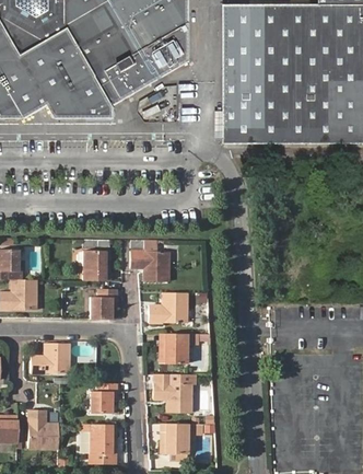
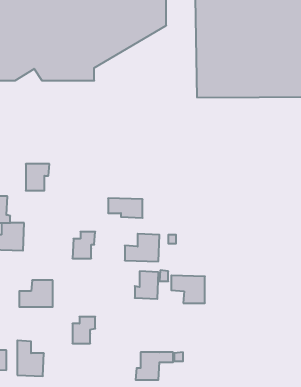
building: [83,251,109,280] -> [26,164,49,191]
building: [152,382,189,413] -> [171,275,205,303]
building: [79,424,114,454] -> none

